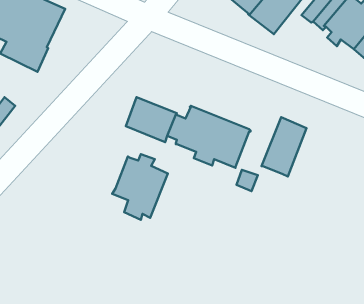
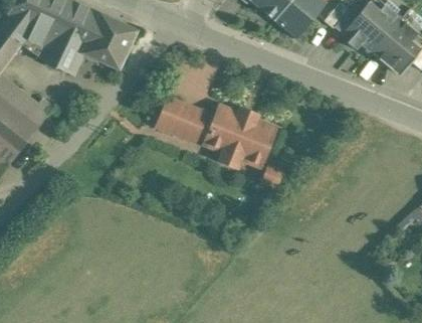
building: none -> [83,15,136,67]
building: [262,117,307,176] -> none
building: [112,154,168,220] -> none

